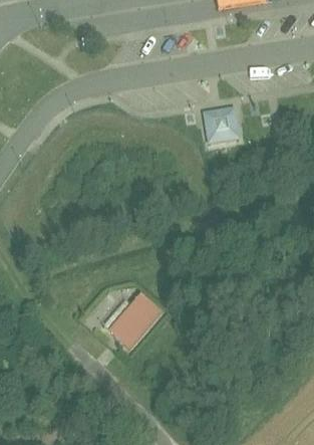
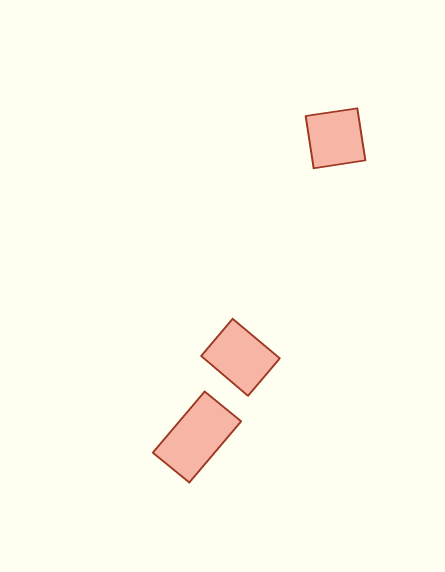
building: none -> [201,319,280,396]

